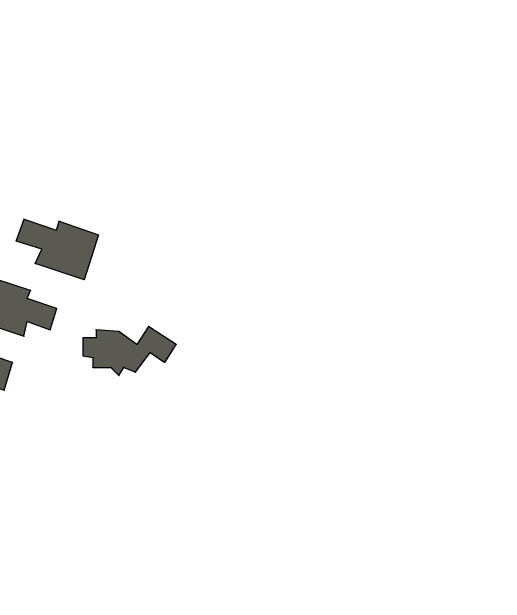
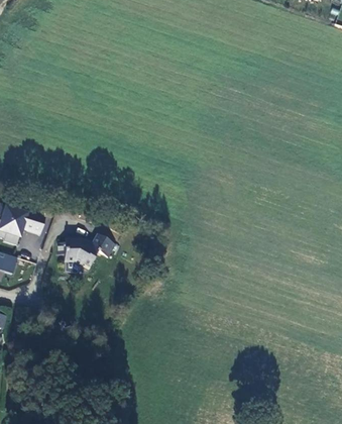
building: [16,219,99,280] -> none

